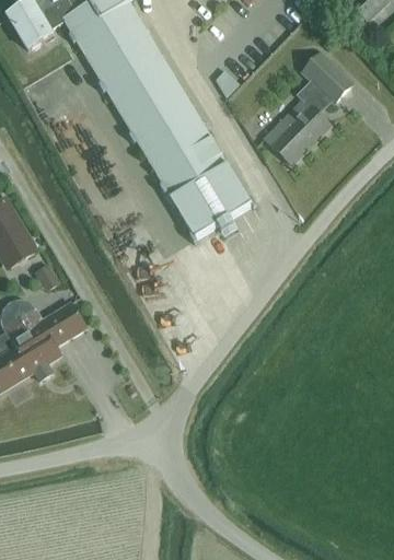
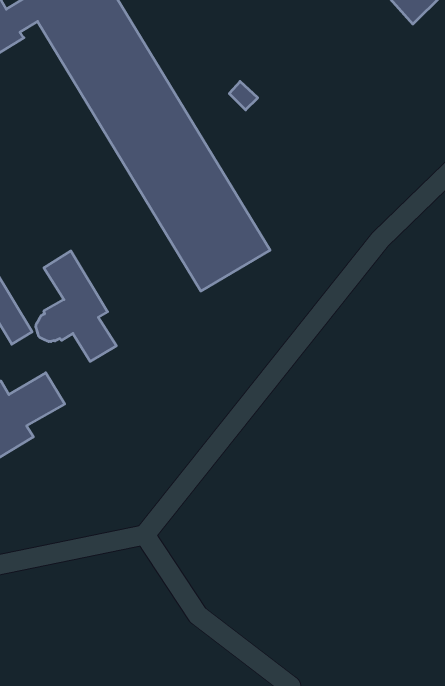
building: [264,51,351,163] -> none
building: none -> [36,251,116,361]

